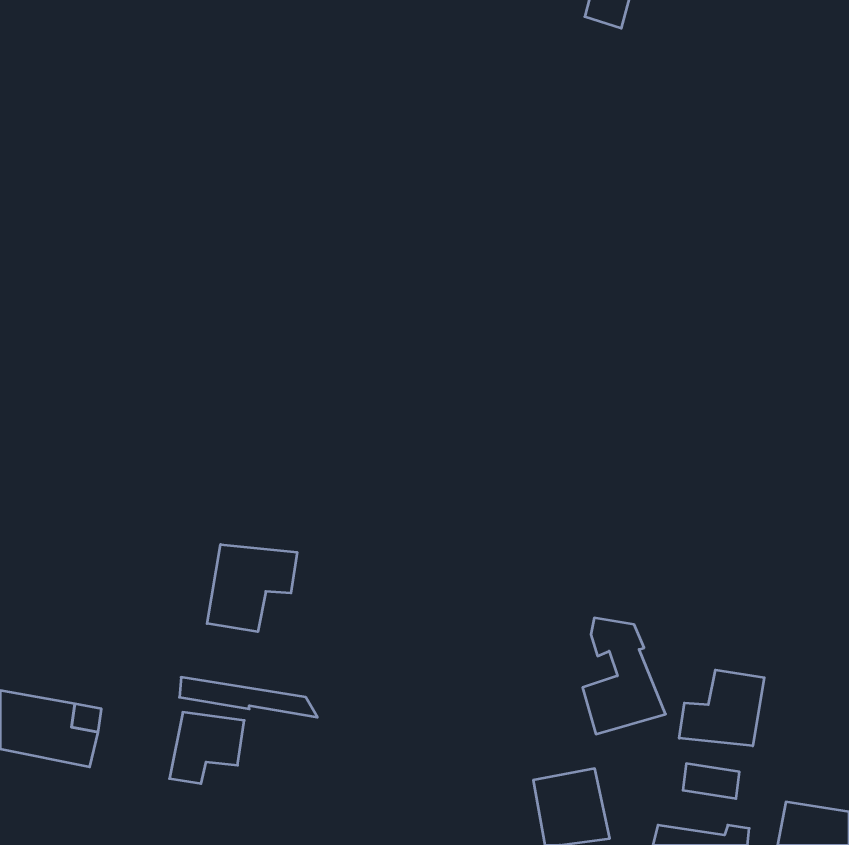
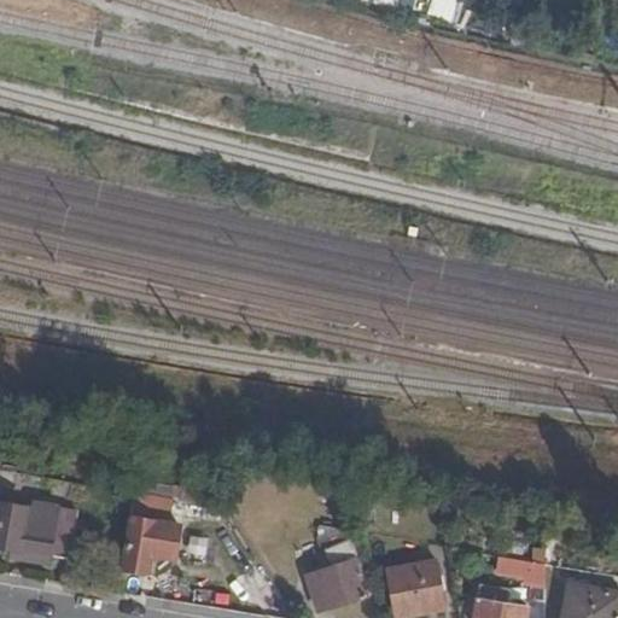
building: [207,544,297,632] -> none
building: [583,618,666,734] -> [308,524,368,608]
building: [679,670,764,746] -> none

